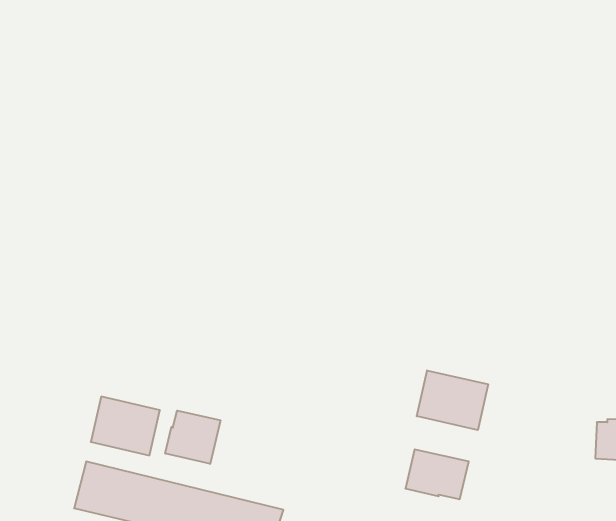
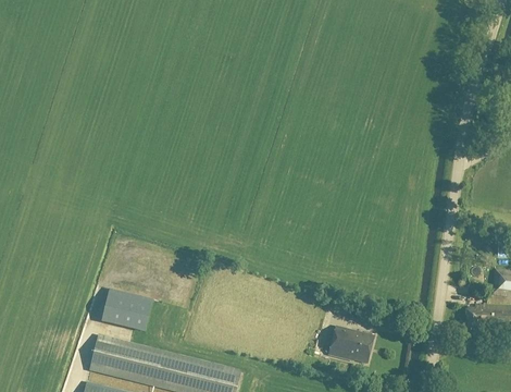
building: [417,370,488,430] -> none
building: [165,411,220,464] -> none

